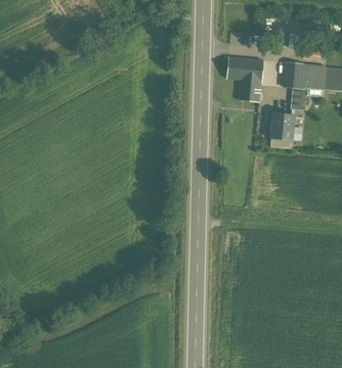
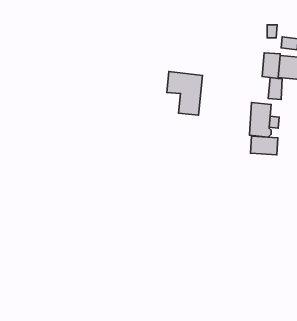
building: [226,56,263,101] -> [167,71,202,115]
building: none -> [250,136,278,155]

